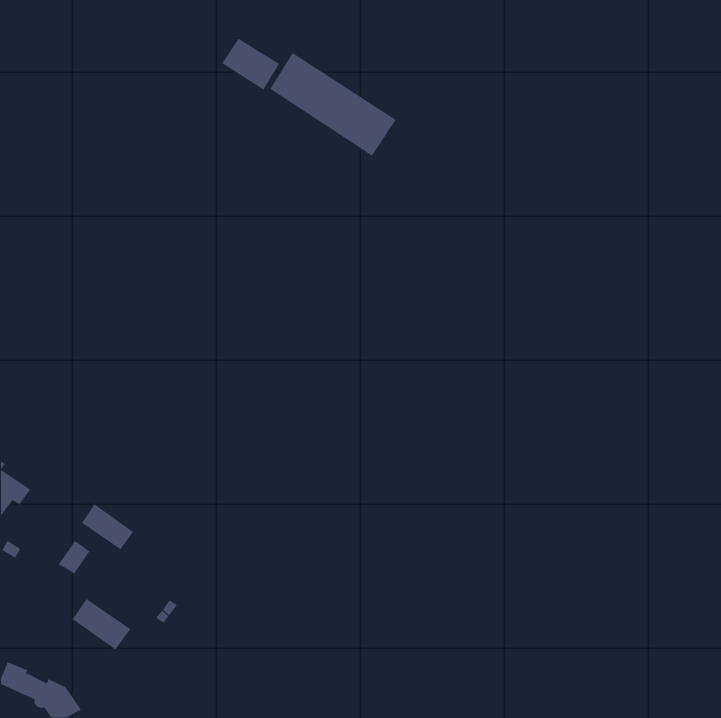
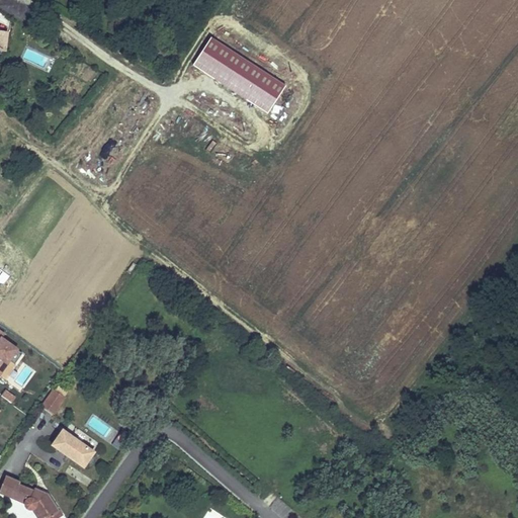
building: [222,38,280,90] -> none
building: [81,503,134,550] -> none

